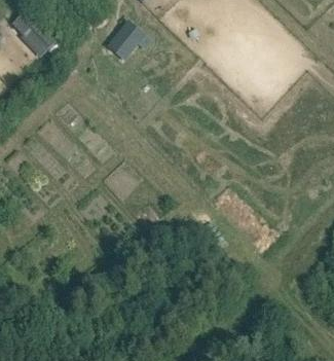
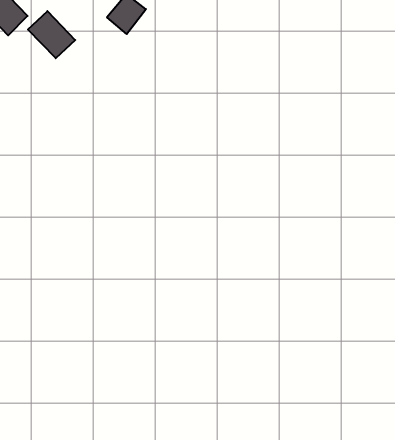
building: none -> [28,11,75,58]

